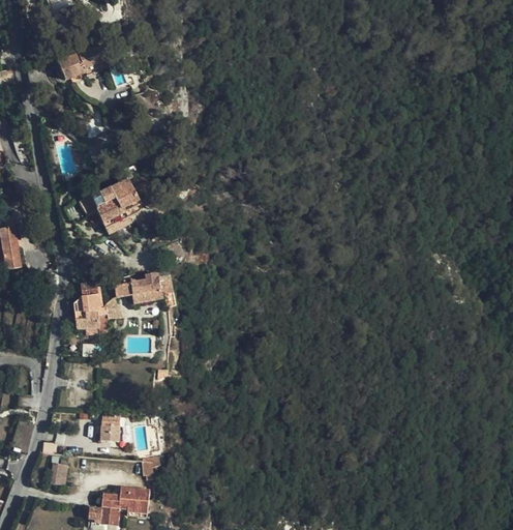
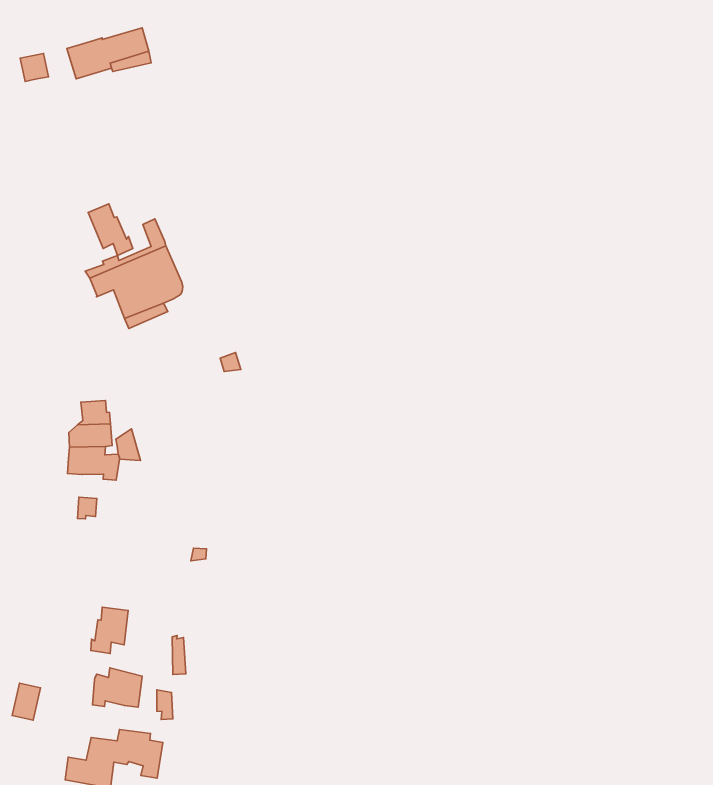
building: none -> [88,204,133,256]
building: [114,270,174,306] -> none
building: none -> [93,668,142,707]

